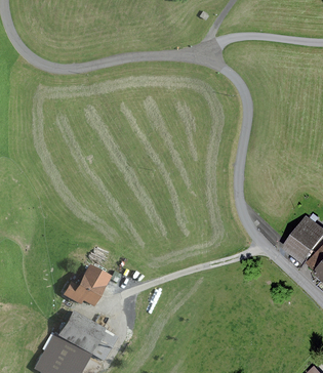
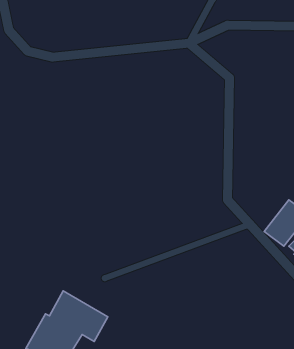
building: [65,263,111,306] -> none

